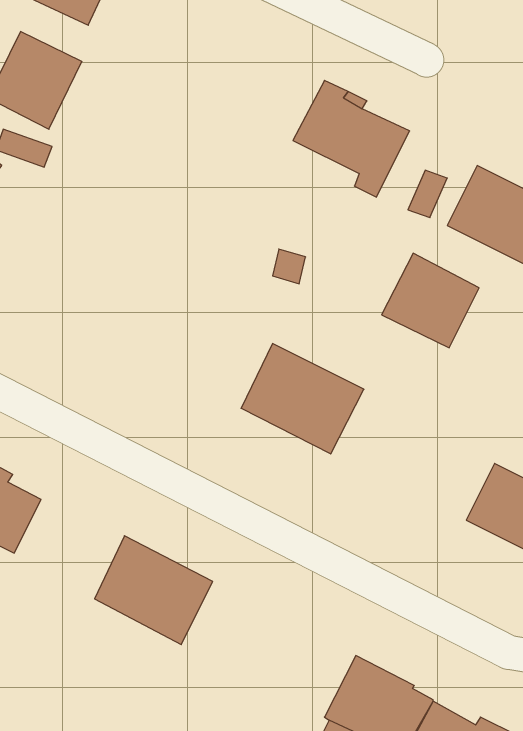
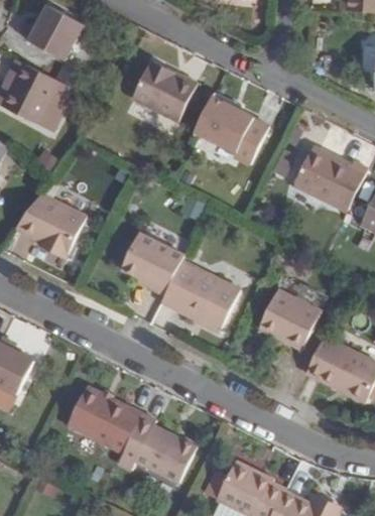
building: none -> [132,60,198,122]
building: none -> [14,194,86,258]
building: [382,253,479,348] -> [258,290,321,351]
building: none -> [121,233,184,295]
building: none -> [135,425,198,482]

